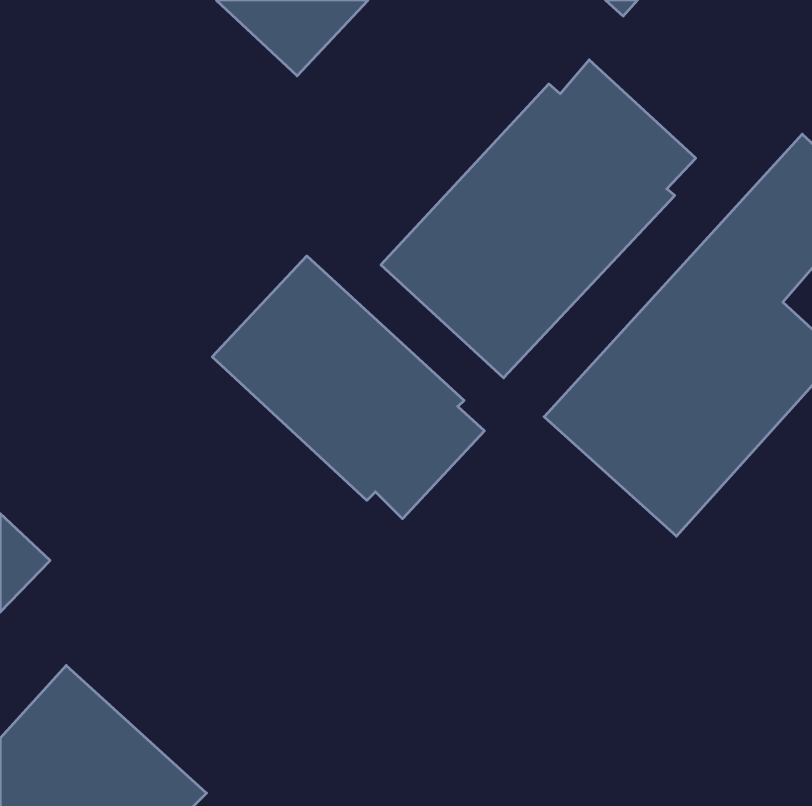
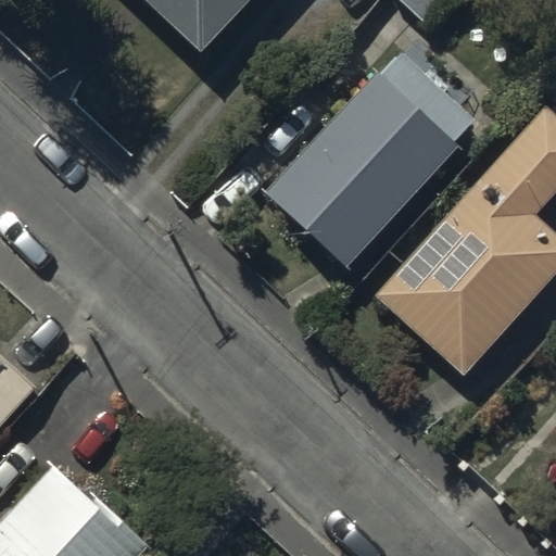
building: [212,256,484,519] -> none

